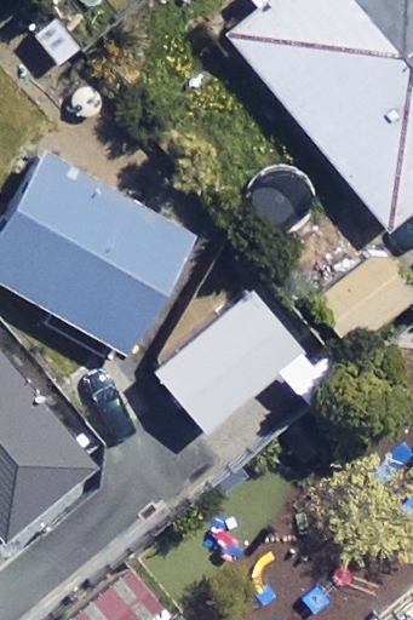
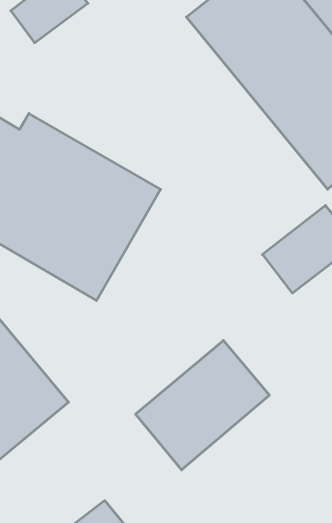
building: [153,287,304,434] -> [136,340,269,470]

